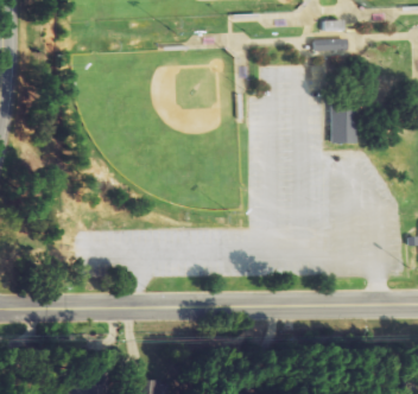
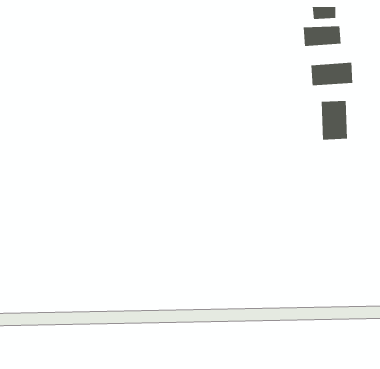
building: none -> [311,62,353,86]

